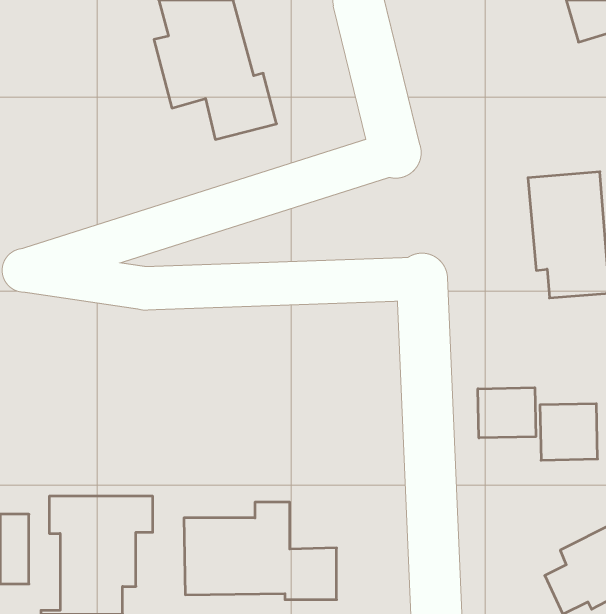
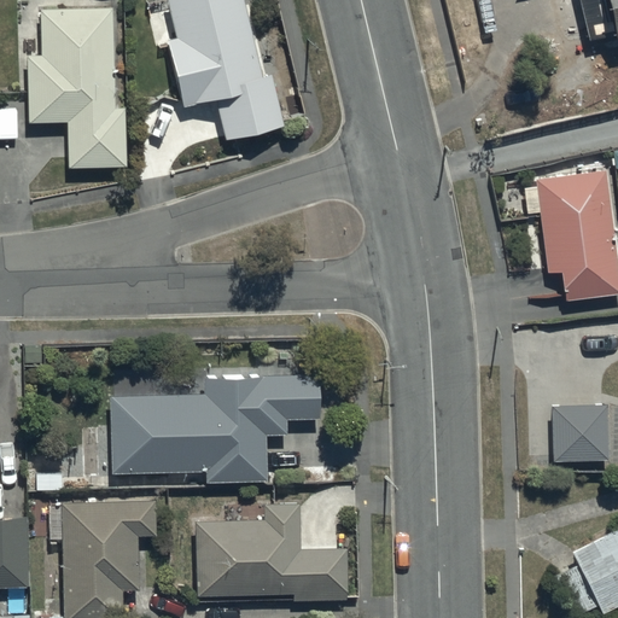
building: none -> [27,11,124,165]
building: none -> [119,372,326,479]
building: [478,388,536,438] -> none

